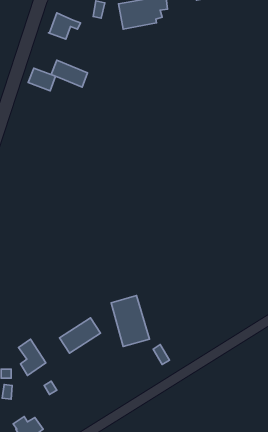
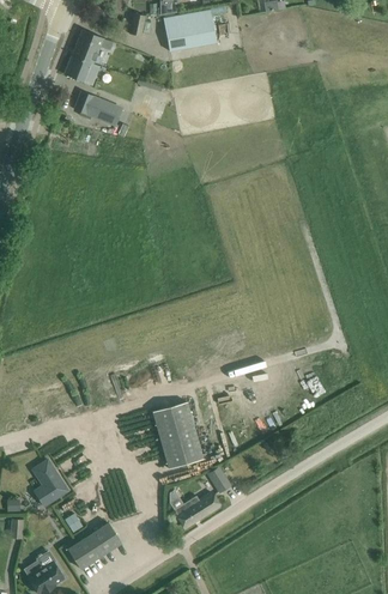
building: [28,68,56,91] -> [63,55,99,85]
building: [60,318,100,353] -> [67,522,121,569]
building: none -> [174,492,220,528]

